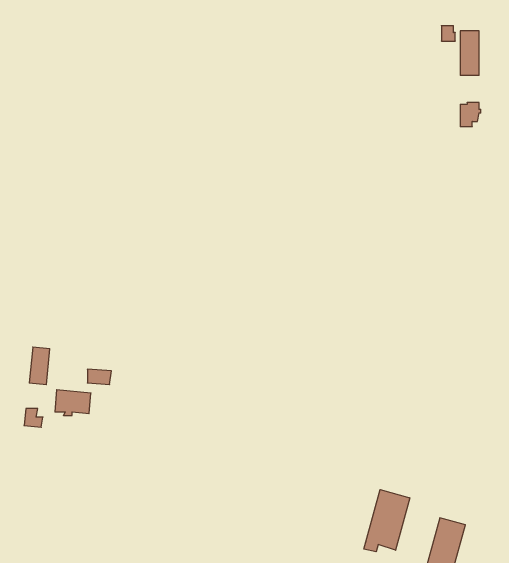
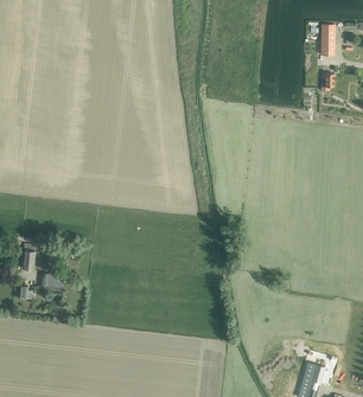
building: [364,490,410,552] -> none

